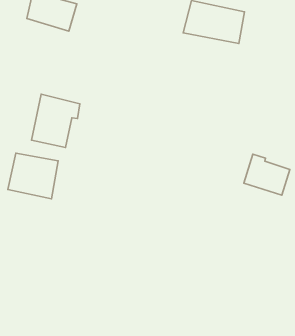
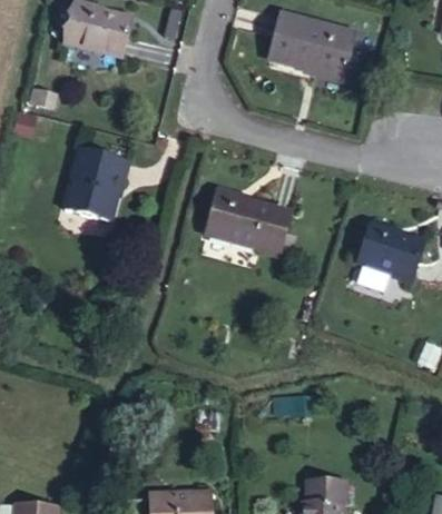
building: none -> [209,190,296,260]
building: [8,153,58,199] -> none

